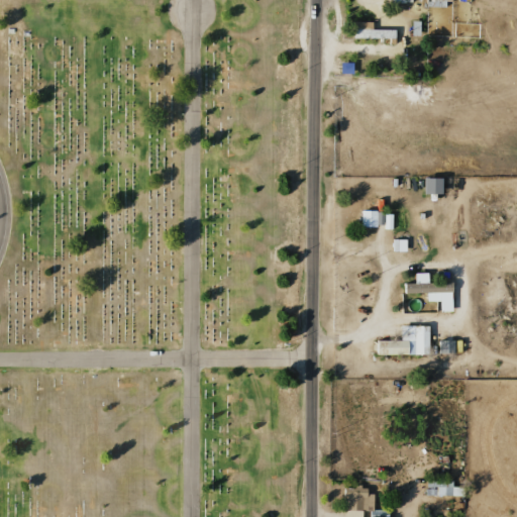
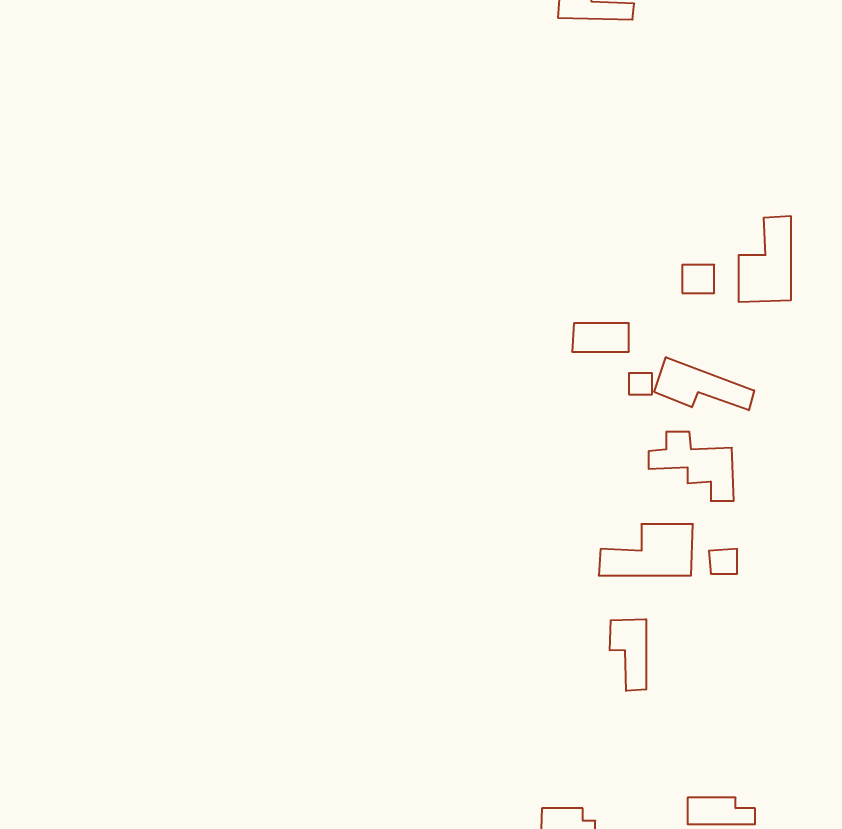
building: none -> [739,216,791,302]
building: none -> [654,357,754,410]
building: none -> [610,619,646,691]

